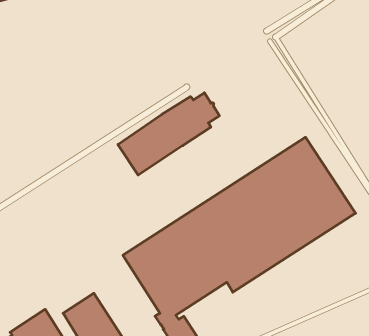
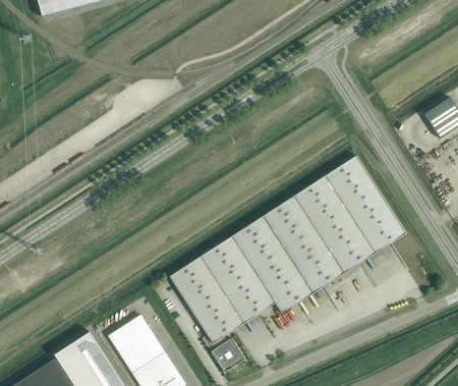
building: [118,93,219,175] -> none

